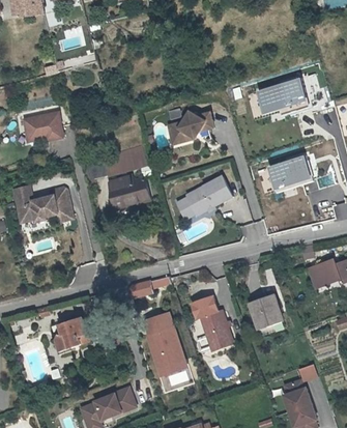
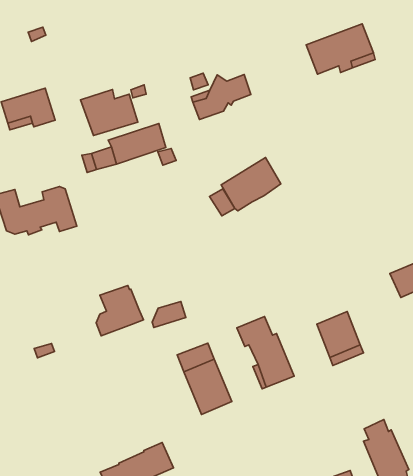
building: [268,153,313,188] -> none
building: [108,175,150,209] -> [81,90,138,136]
building: [54,314,90,351] -> [96,285,144,336]

